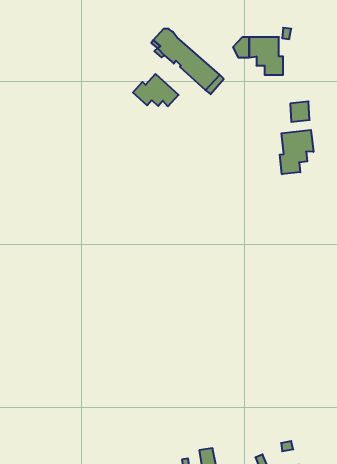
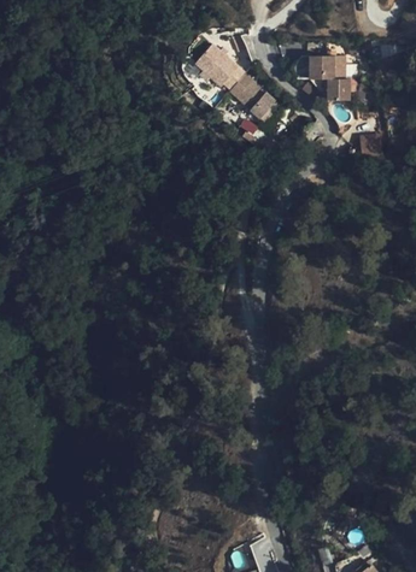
building: [133,74,179,106] -> none
building: [280,130,313,174] -> none

